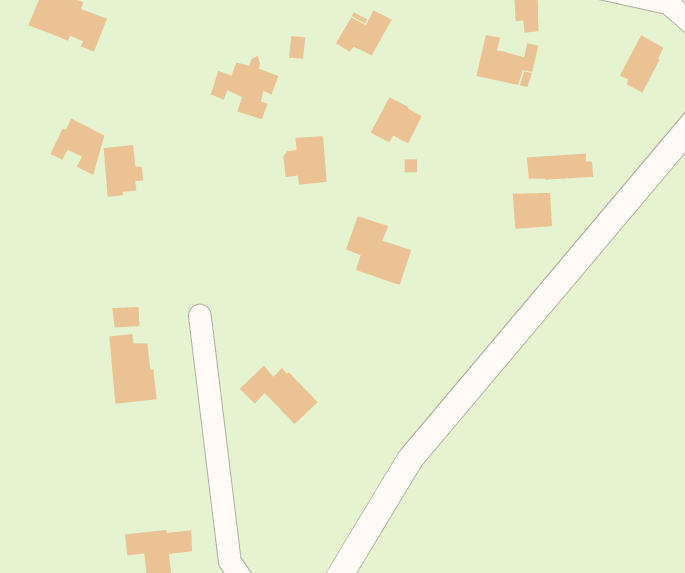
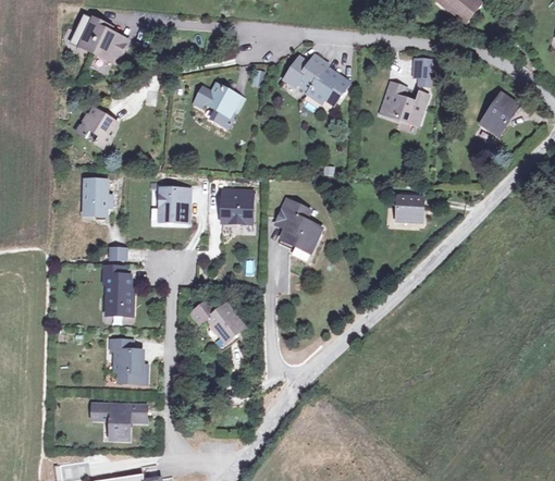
building: [370,97,423,144] -> [308,66,346,101]
building: [282,136,327,185] -> [222,188,252,222]
building: [103,144,144,197] -> [84,180,111,214]
building: [526,153,594,180] -> none
building: none -> [159,188,189,222]
building: none -> [111,340,147,383]

